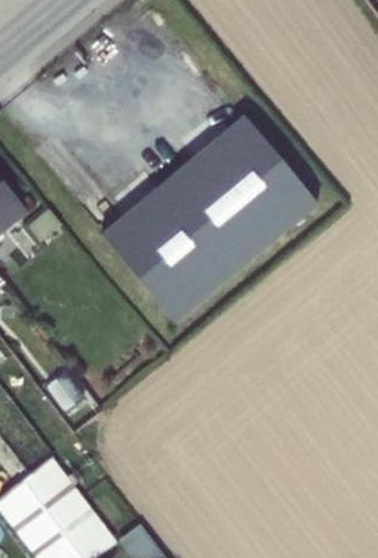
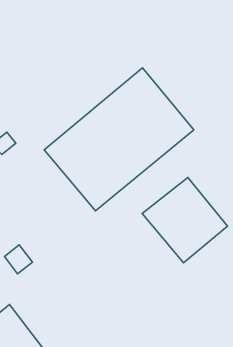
building: none -> [142,178,228,263]

